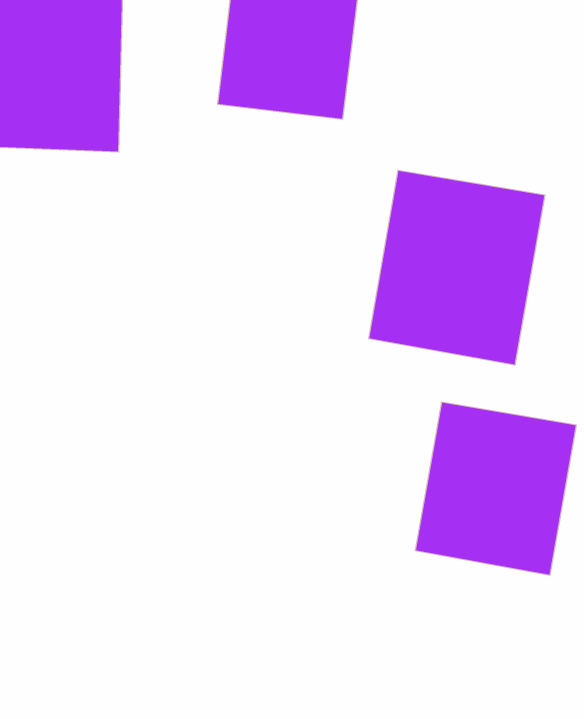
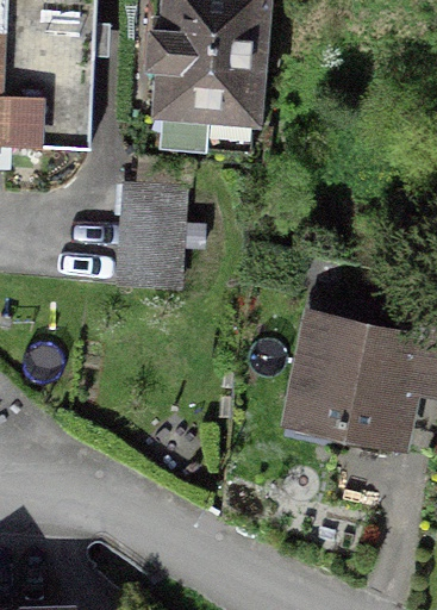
building: [369,170,545,365] -> none
building: none -> [120,179,188,279]

